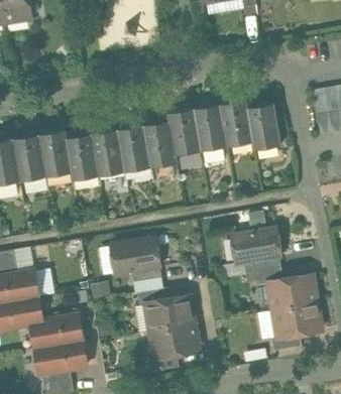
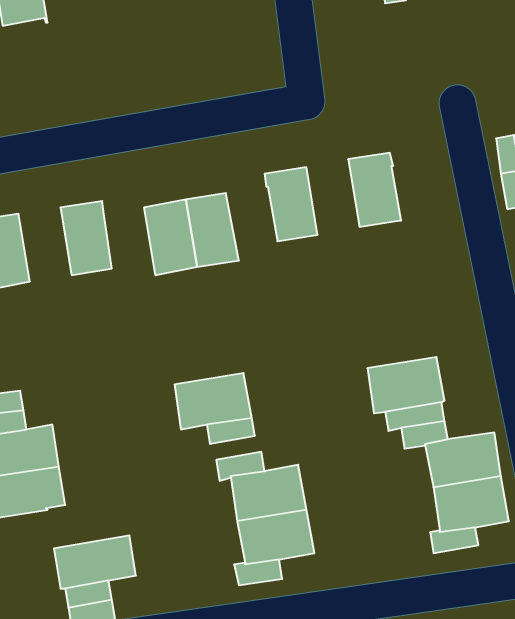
building: [247,103,280,150] -> none
building: [194,104,227,151] -> none
building: [143,121,178,167] -> none
building: [13,134,46,180] -> none
building: [67,134,99,180] -> none
building: [31,314,83,348] -> none

